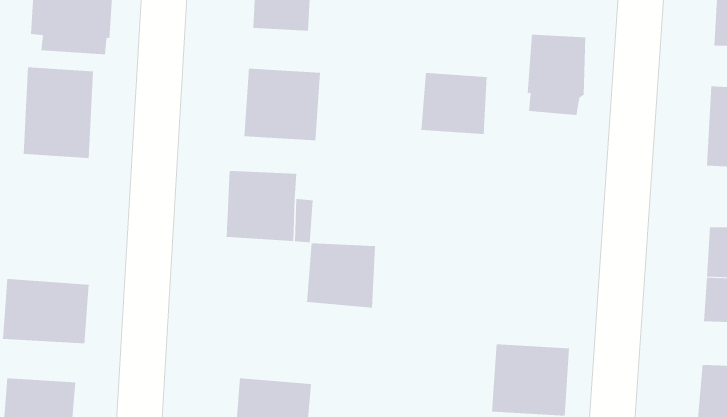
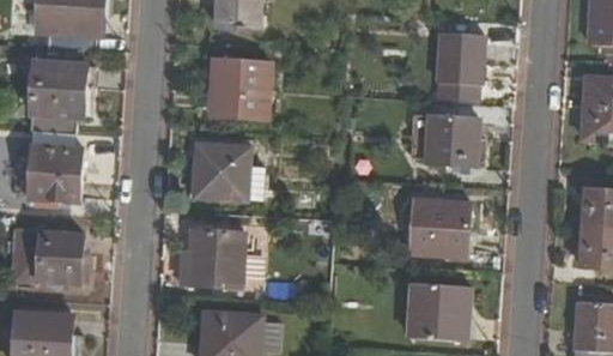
building: [421,72,487,135] -> [424,115,478,165]
building: none -> [29,143,81,204]
building: none -> [409,199,469,258]
building: [306,243,376,308] -> [188,230,244,283]

